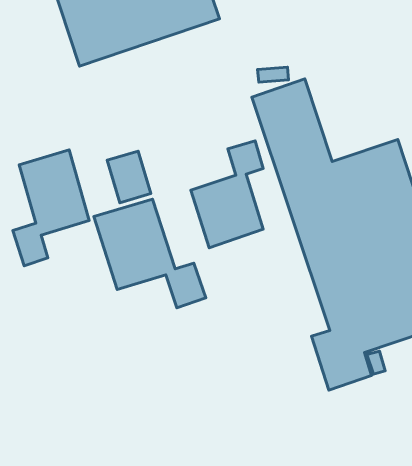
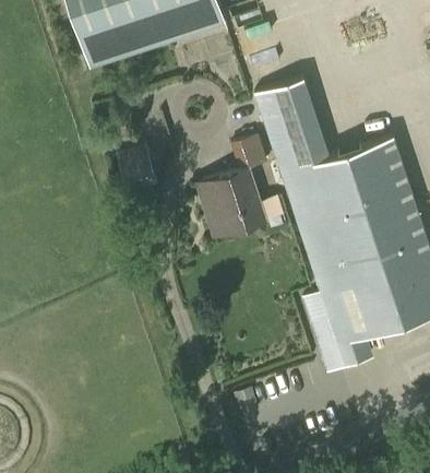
building: [13,150,89,266] -> none
building: [94,199,206,308] -> none

